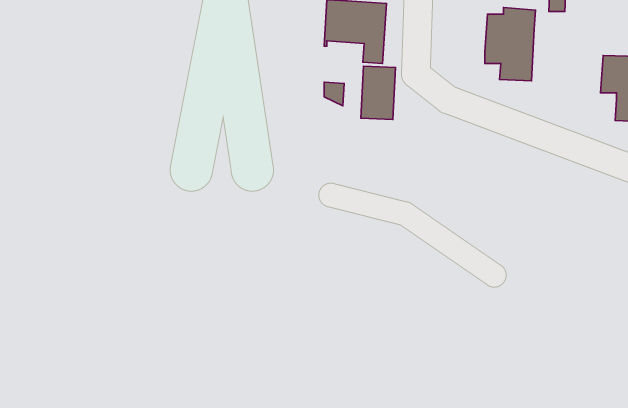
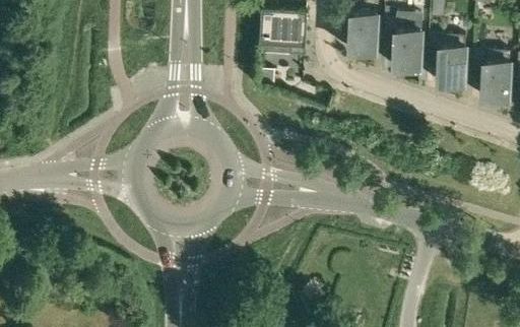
building: none -> [428,35,465,85]
building: [361,66,396,119] -> [350,12,377,53]

